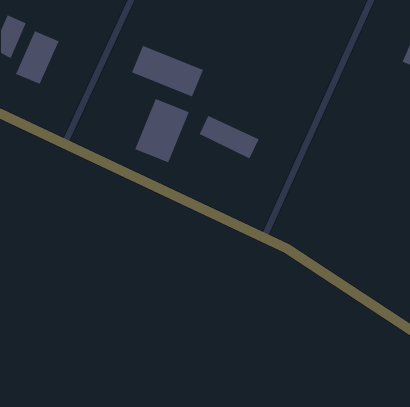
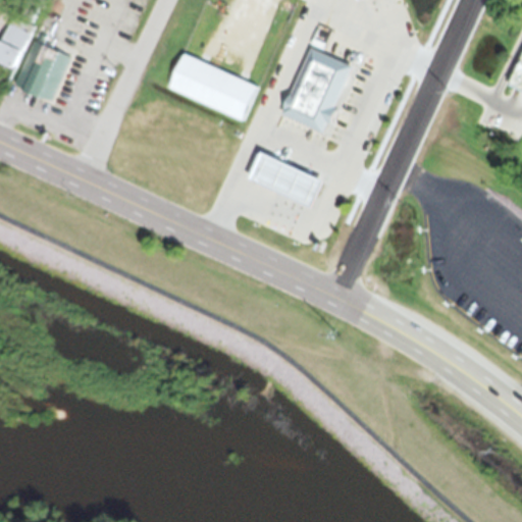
building: none -> [280,39,353,124]
building: [135,98,189,163] -> none

